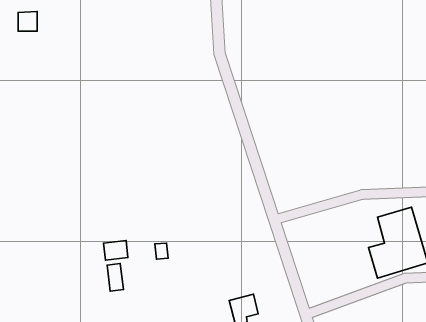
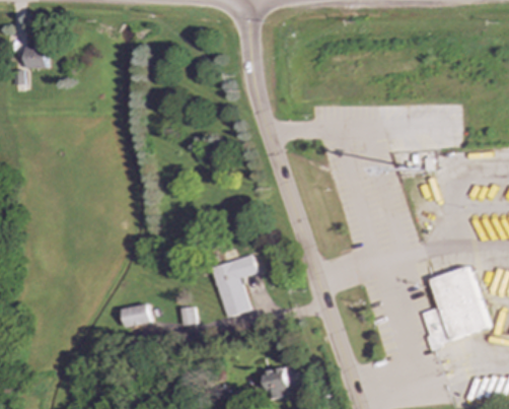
building: none -> [212,255,258,317]
building: [107,263,123,291] -> none

